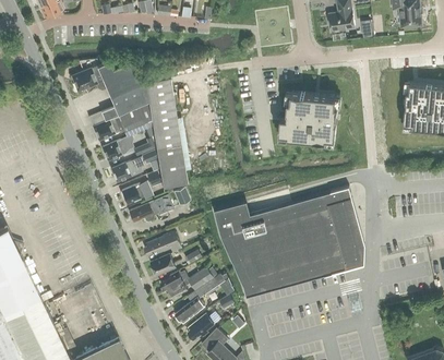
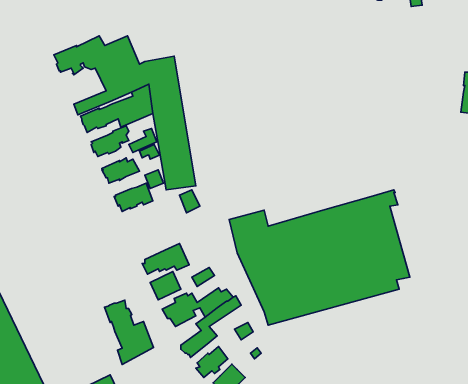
building: [279,93,339,140] -> none
building: [129,194,173,221] -> none
building: none -> [104,300,153,365]

